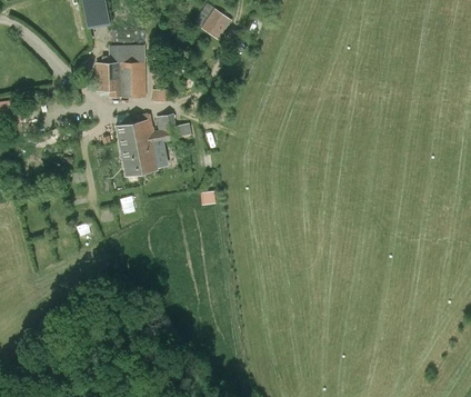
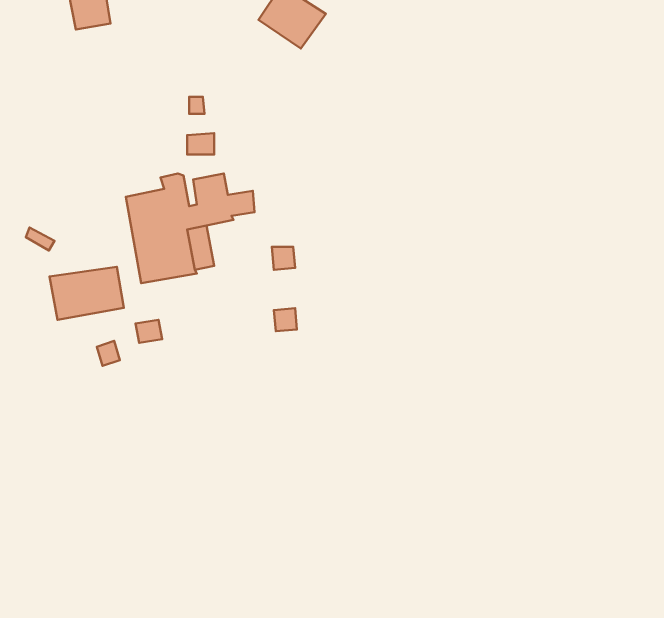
building: [97,46,146,97] -> none
building: none -> [50,267,124,320]

